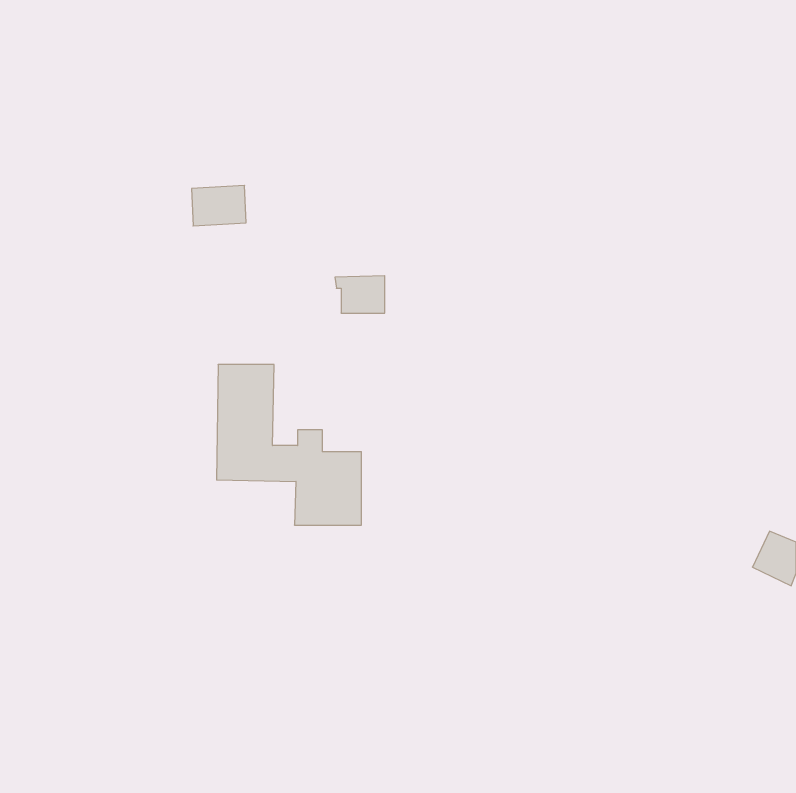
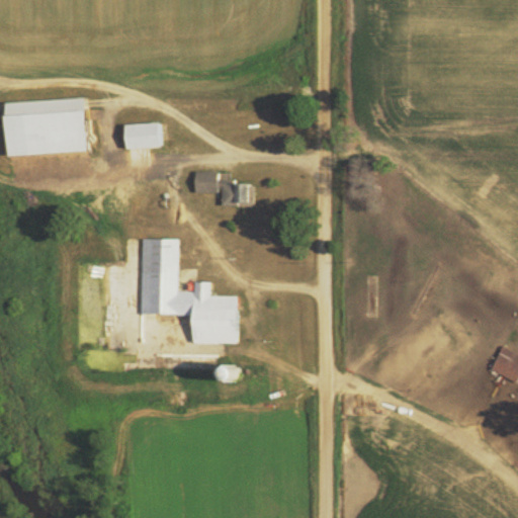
building: none -> [4,97,86,155]
building: none -> [195,171,218,192]

